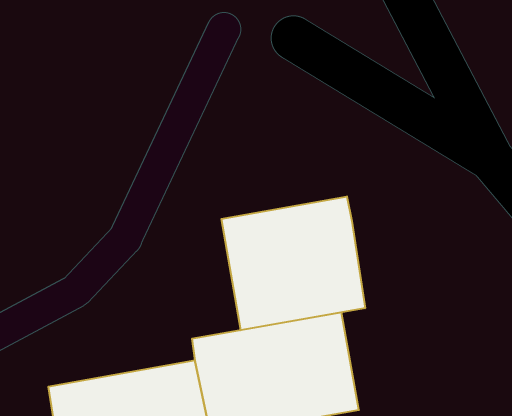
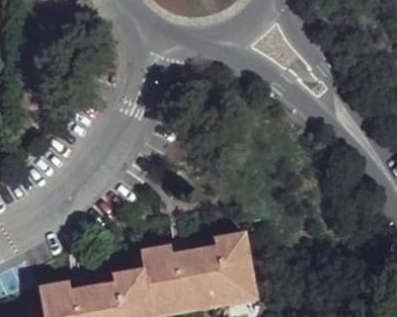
building: [221,196,365,330] -> none

